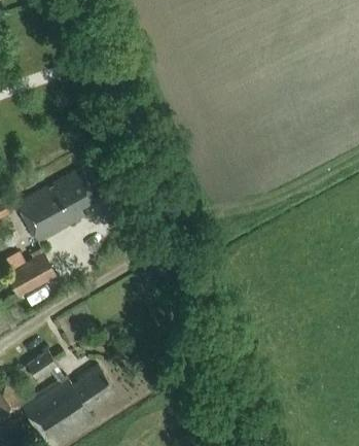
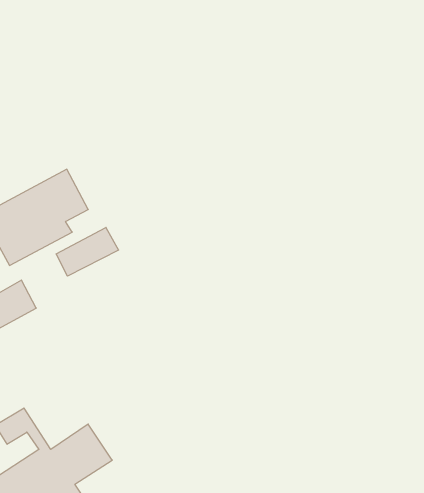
building: none -> [56,227,119,276]

